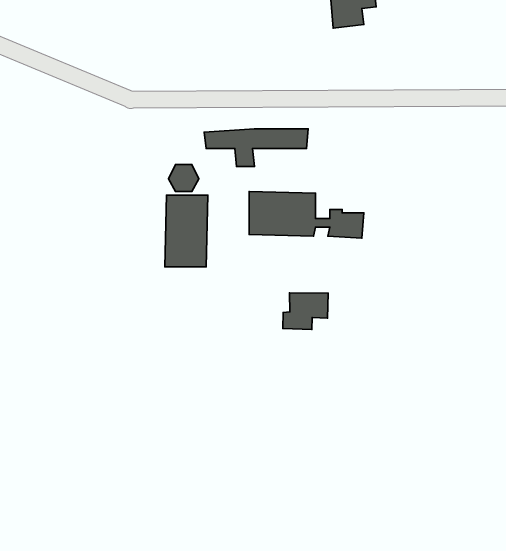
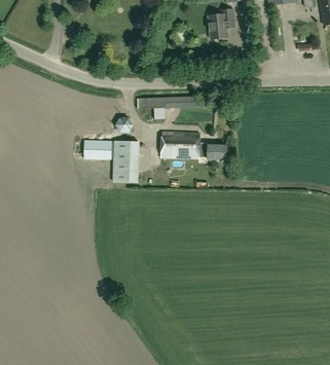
building: none -> [84,142,111,160]
building: [283,293,328,329] -> none

